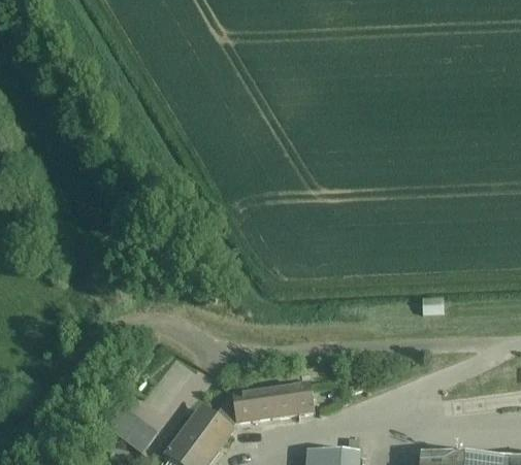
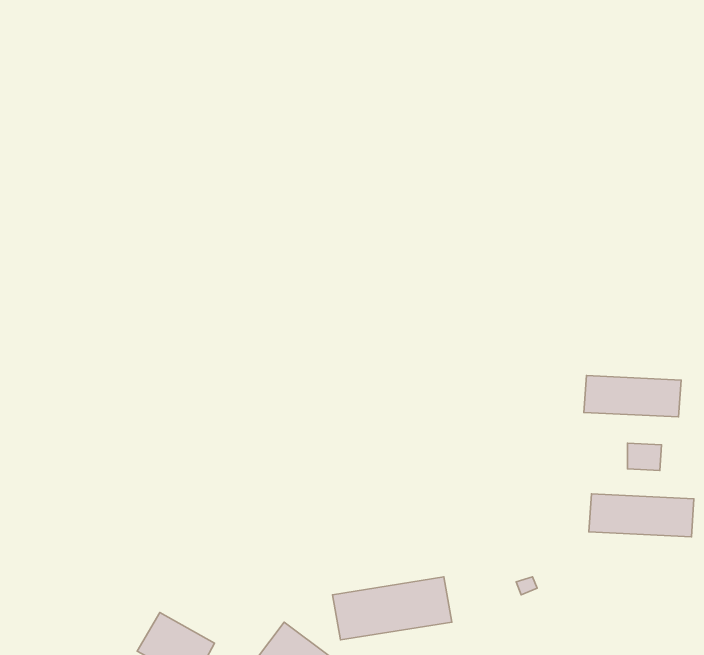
building: none -> [584,376,681,417]
building: none -> [589,494,694,537]

